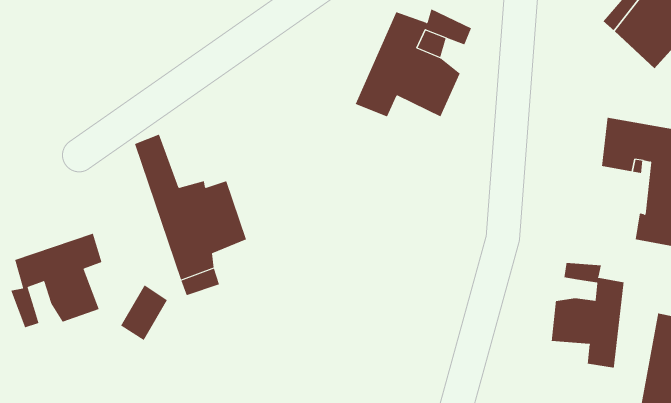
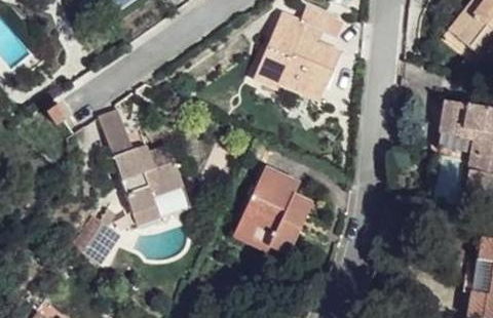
building: none -> [237,177,317,268]
building: [10,233,102,328] -> none
building: [551,262,624,369] -> none

